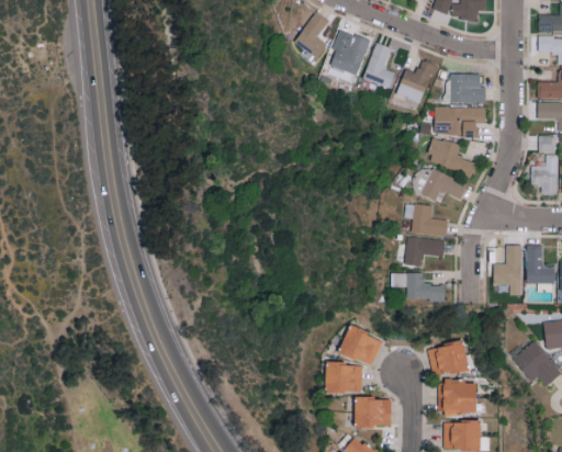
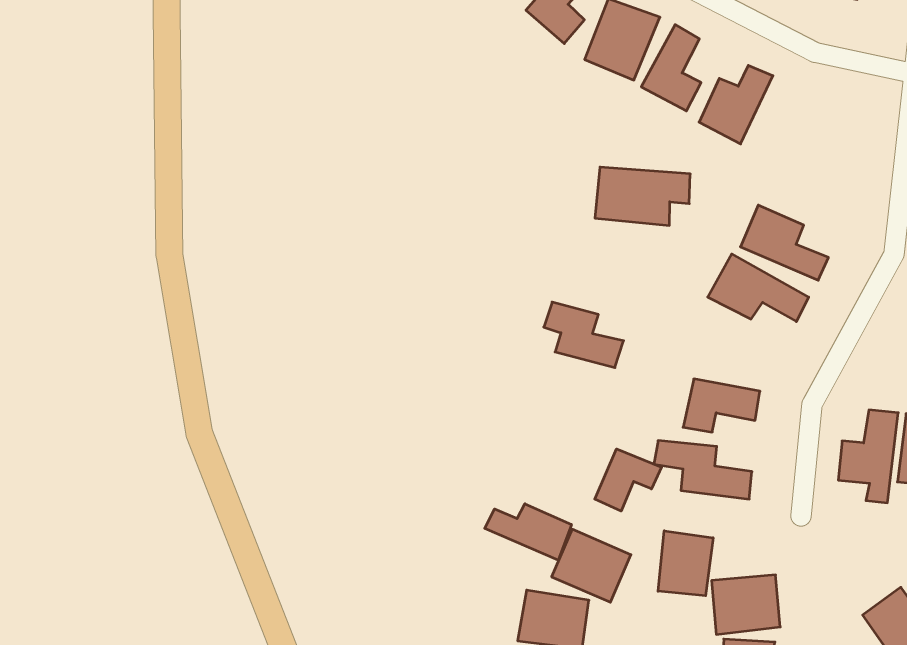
building: [450,74,485,102] -> none
building: [435,106,486,136] -> [595,167,690,225]
building: [403,203,448,236] -> [544,302,624,368]
building: none -> [595,449,662,511]
building: none -> [485,504,571,560]
building: none -> [658,531,713,596]

